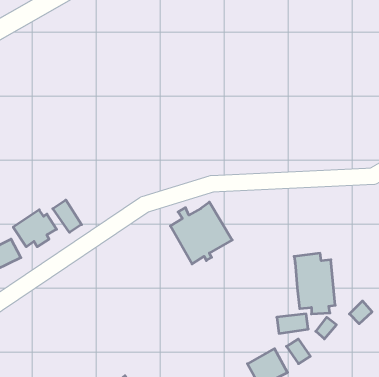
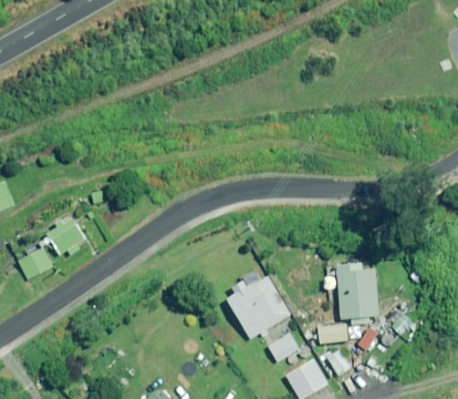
building: [53,200,82,232] -> none
building: [170,202,232,264] -> [227,275,290,338]
building: none -> [268,332,299,360]

